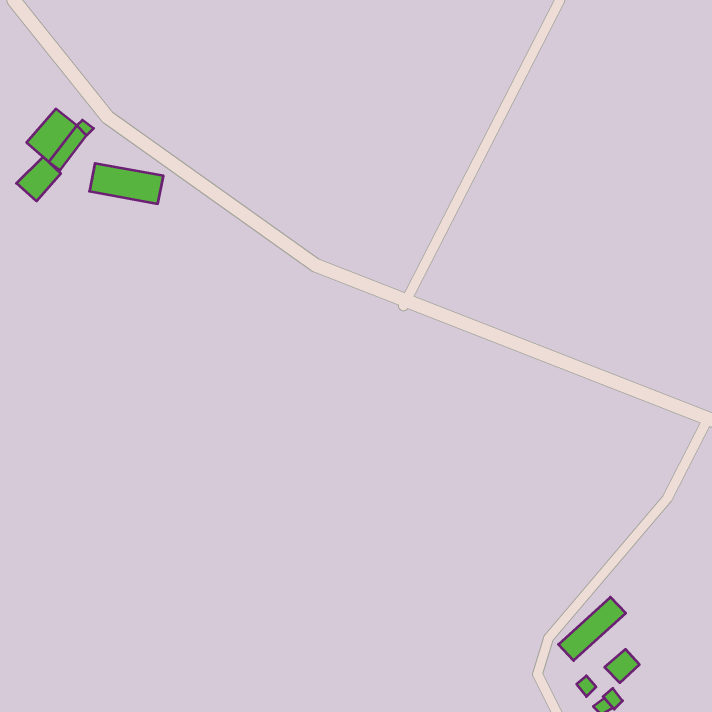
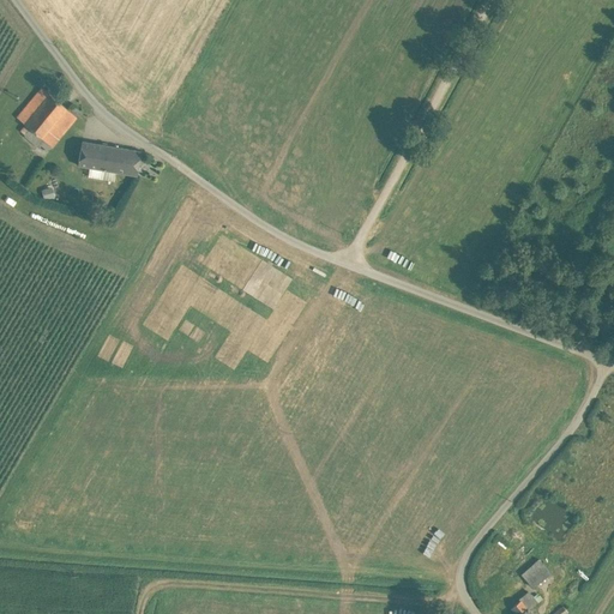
building: [16,157,61,201] -> none
building: [558,597,626,661] -> none

